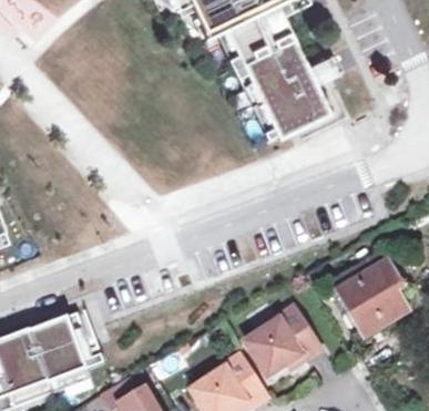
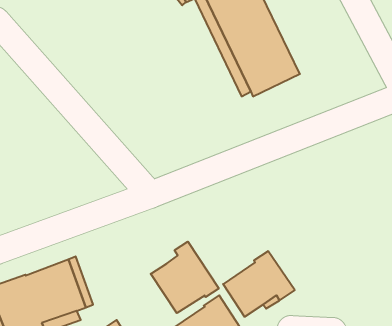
building: [330,250,405,336] -> none
building: none -> [151,242,219,313]

